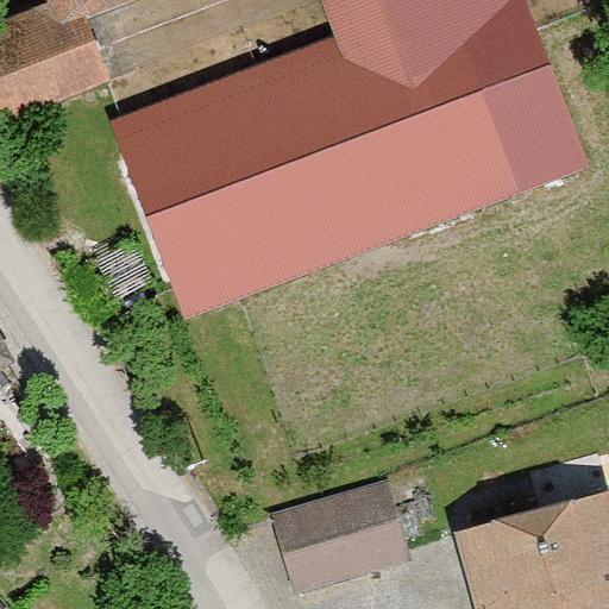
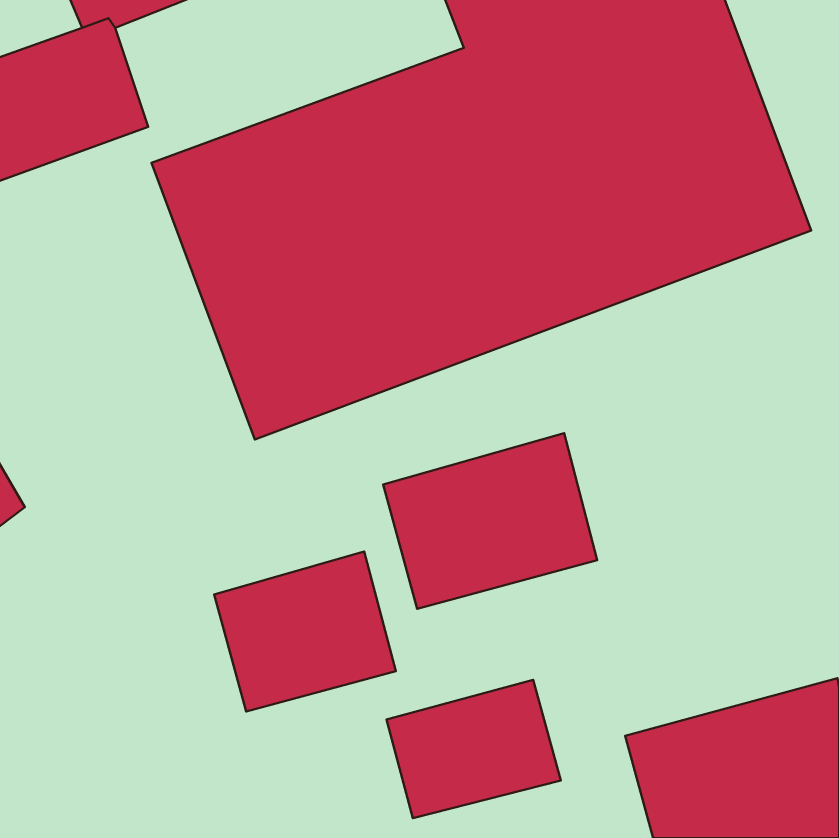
building: none -> [383,433,597,609]
building: none -> [214,551,396,712]

